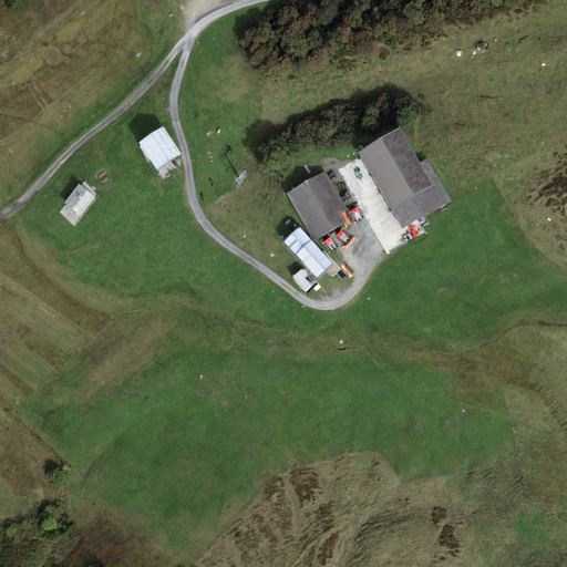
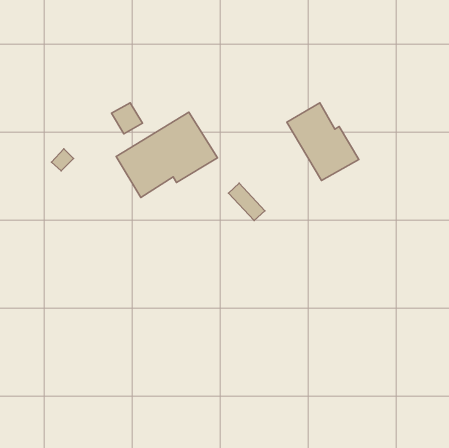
building: none -> [116,112,218,197]
building: [287,171,346,239] -> none

